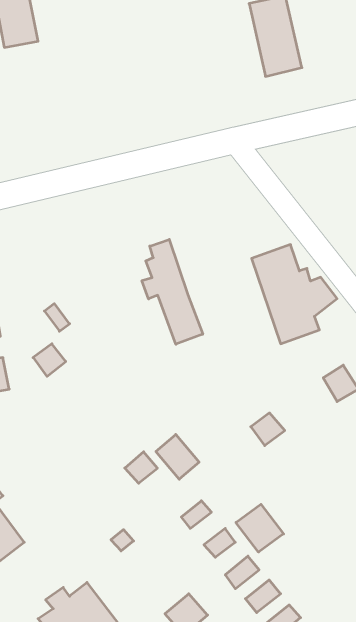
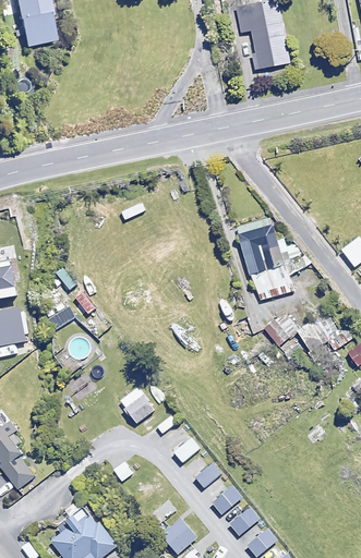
building: [142,239,203,344] -> none
building: [251,413,285,446] -> [265,317,294,345]
building: [156,434,199,479] -> none
building: [236,504,284,552] -> none

